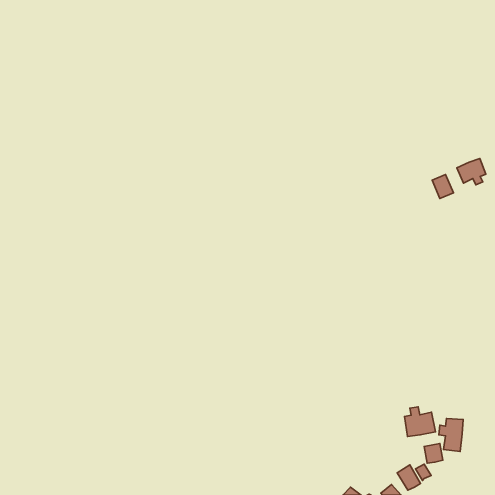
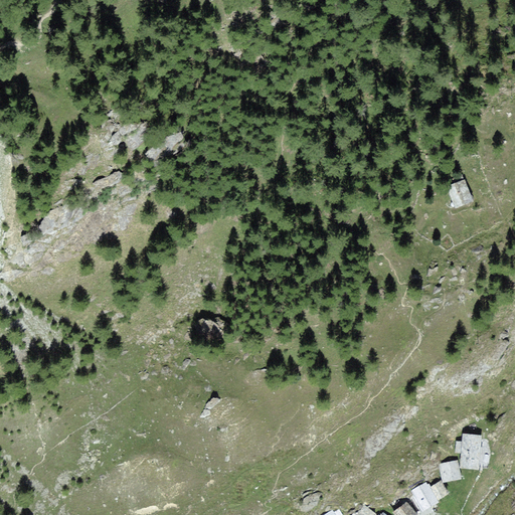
building: [457,158,486,185] -> none
building: [405,407,435,436] -> none

